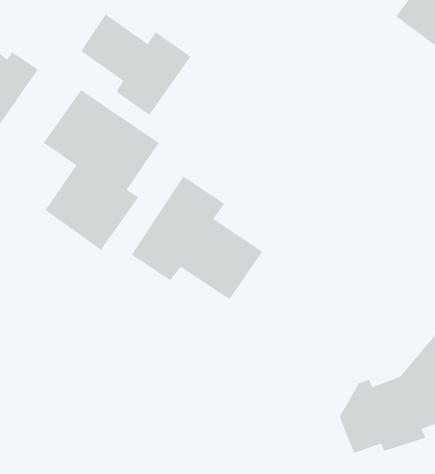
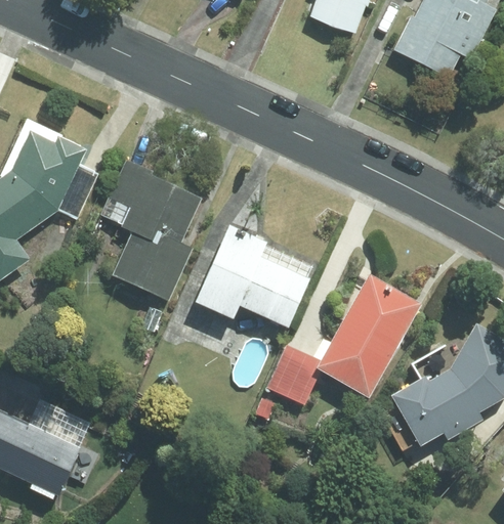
building: [80,14,191,116] -> none
building: none -> [266,272,421,402]

